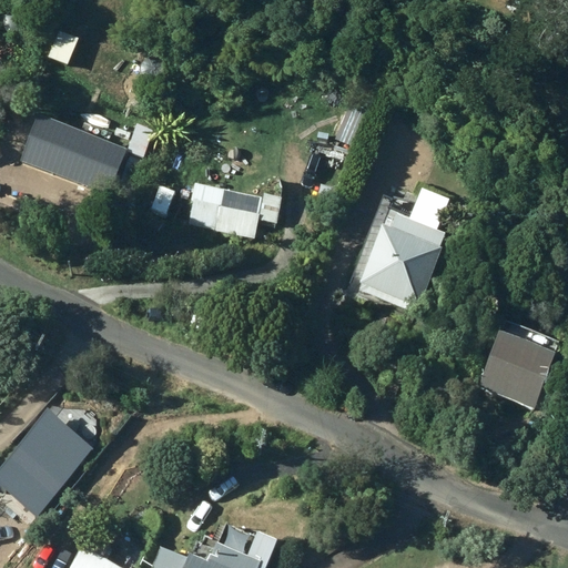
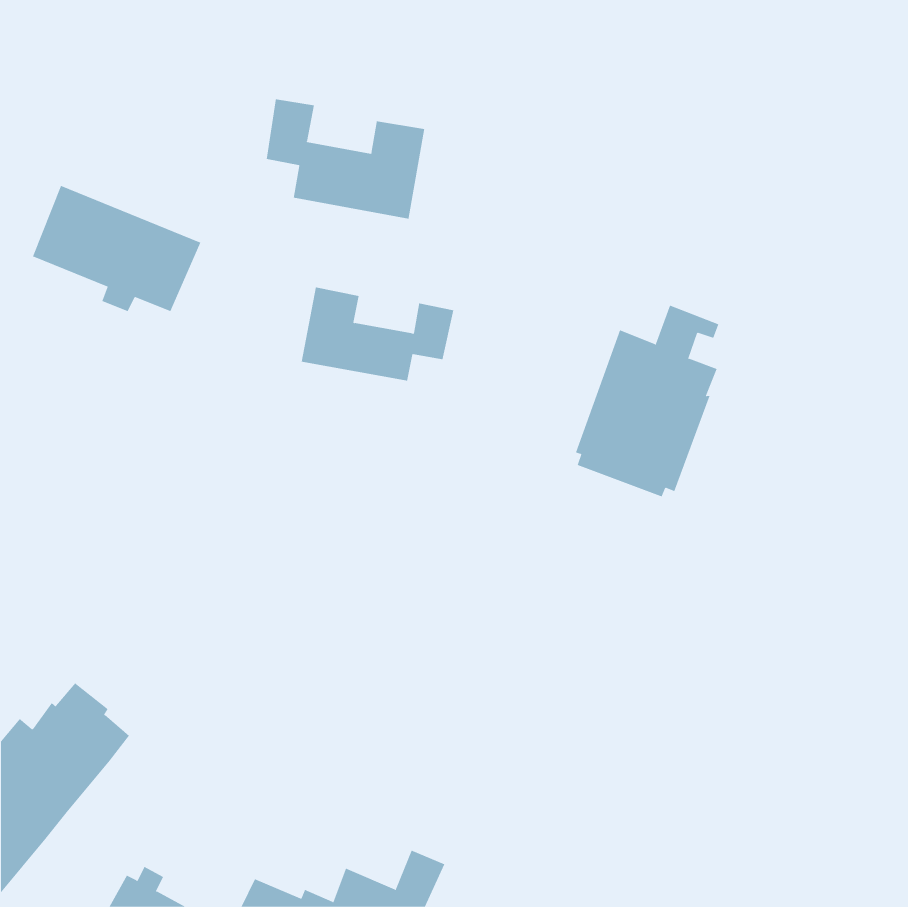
building: none -> [266,98,425,219]
building: [477,327,554,406] -> none

